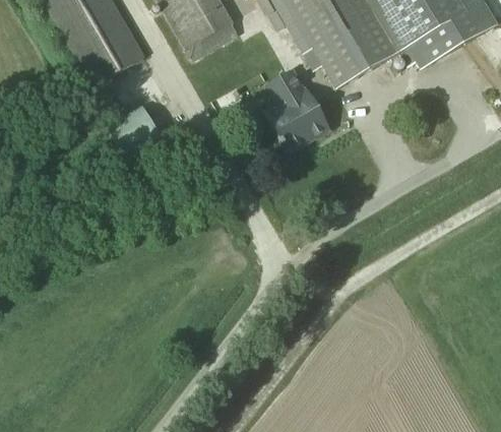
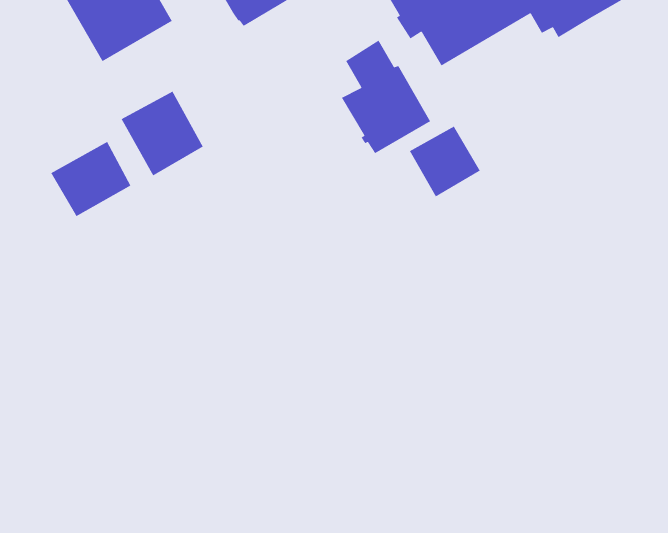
building: none -> [409,126,481,198]
building: none -> [50,141,131,217]

